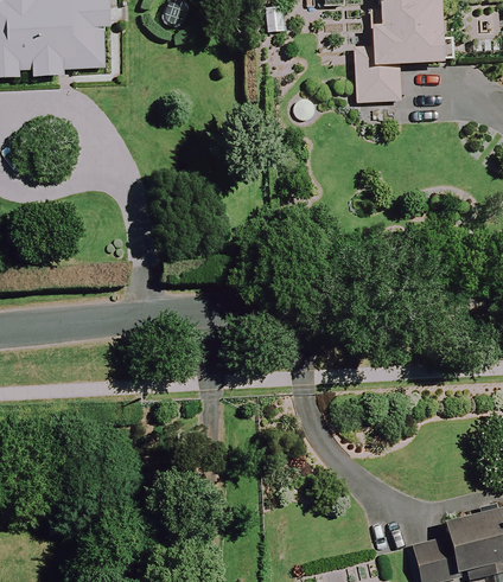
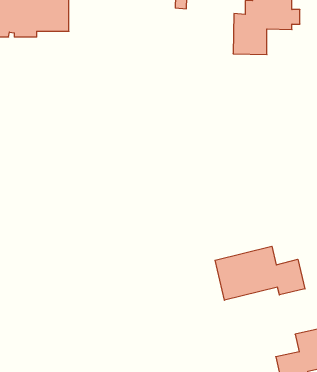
building: none -> [215,246,305,300]

